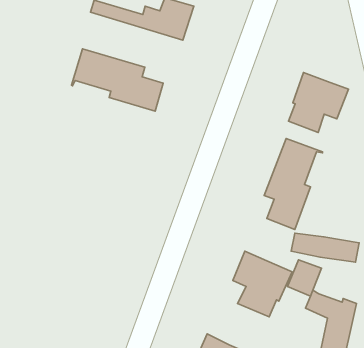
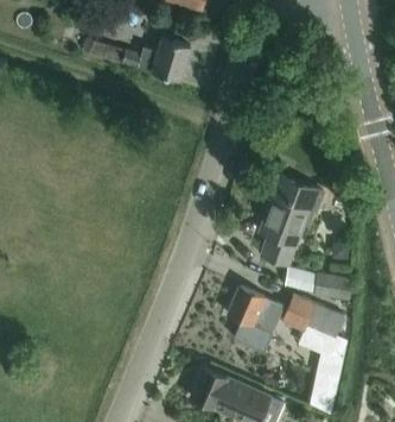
building: [71,49,163,111] -> none
building: [289,72,348,133] -> none
building: none -> [307,304,344,338]

